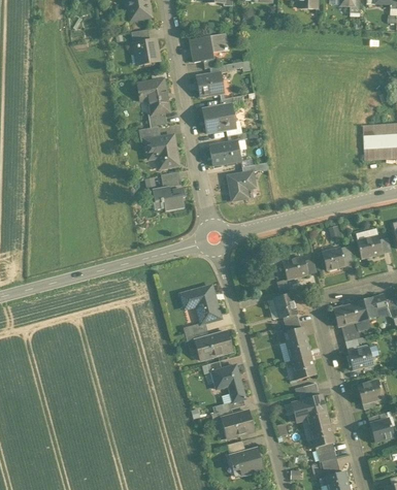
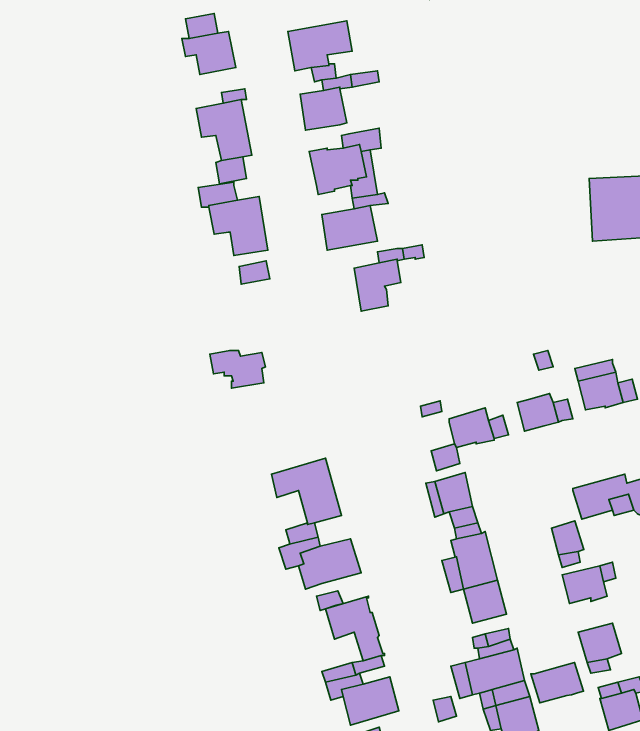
building: [153,188,185,209] -> [210,351,266,388]
building: [333,303,359,326] -> none
building: none -> [531,663,583,703]

